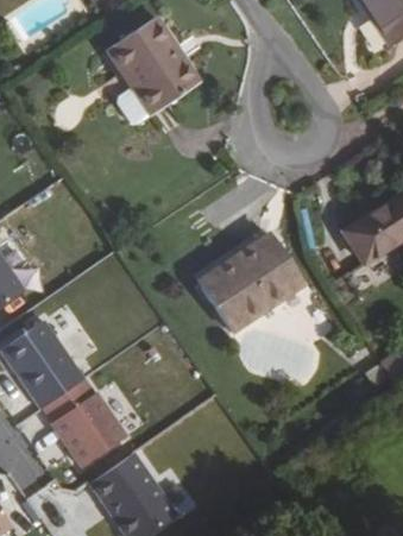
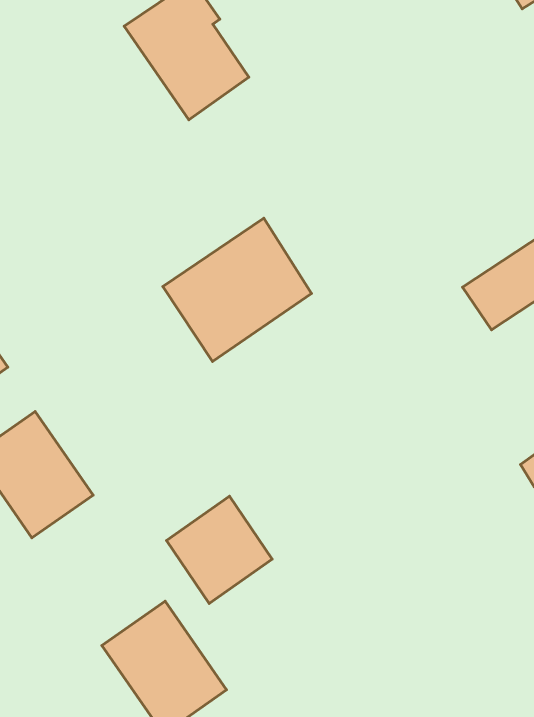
building: [199,232,302,332] -> [163,218,312,362]
building: [52,392,126,467] -> [166,496,272,604]

